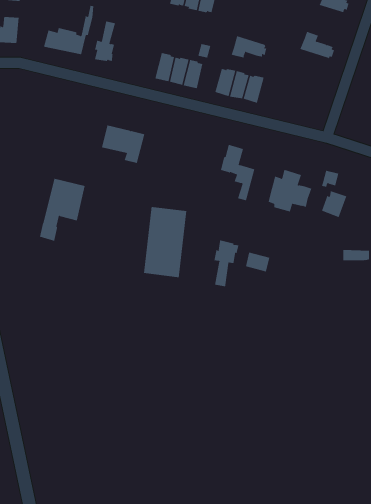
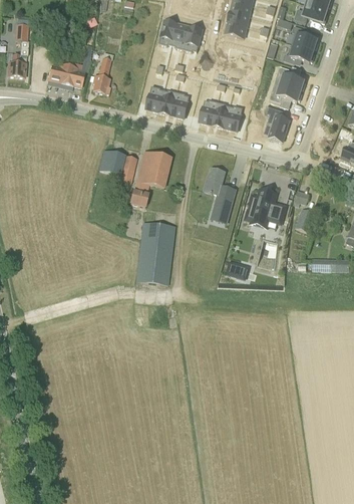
building: none -> [284,43,315,63]
building: [231,36,267,58] -> [270,82,302,102]
building: none -> [265,105,290,142]
building: [39,178,86,241] -> [131,151,172,207]
building: [214,240,239,287] -> none

